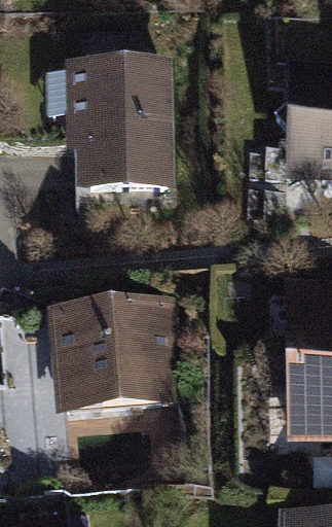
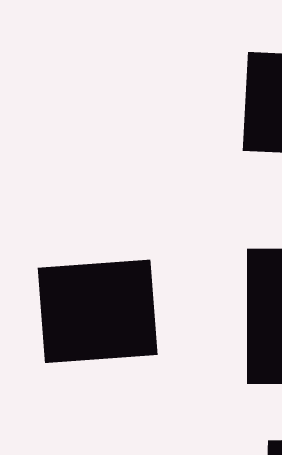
building: [74,60,180,188] -> none

